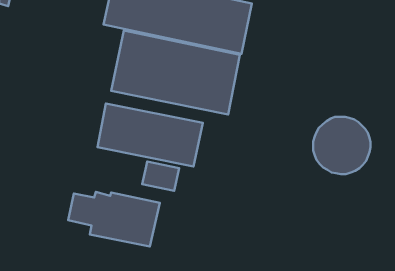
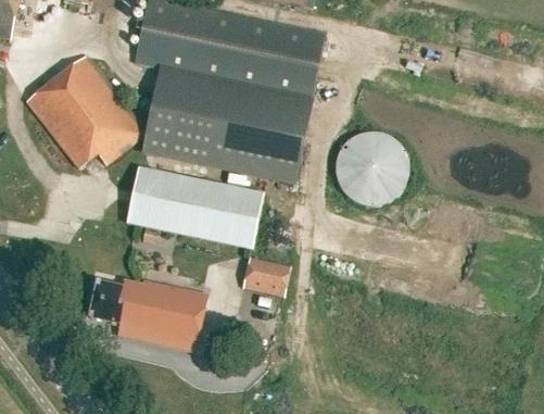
building: none -> [24,54,143,167]
building: [313,117,370,174] -> [334,134,408,208]
building: [142,161,179,191] -> [242,256,290,294]

